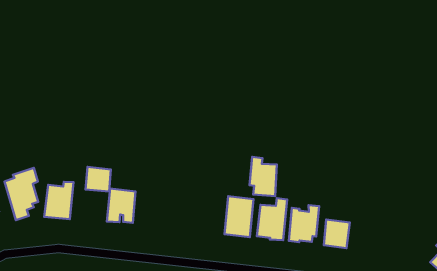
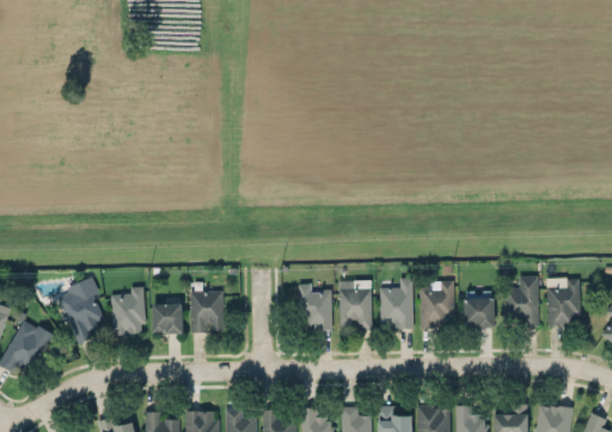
building: [249,157,277,196] -> [299,282,333,329]
building: [86,167,111,191] -> [152,305,183,334]
building: none -> [504,276,538,327]
building: none -> [547,278,580,325]

